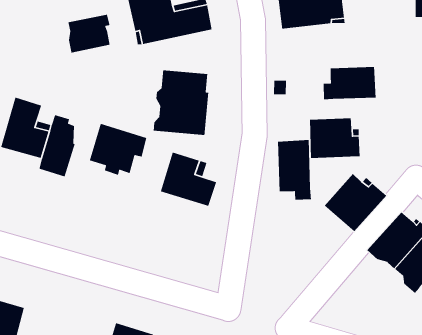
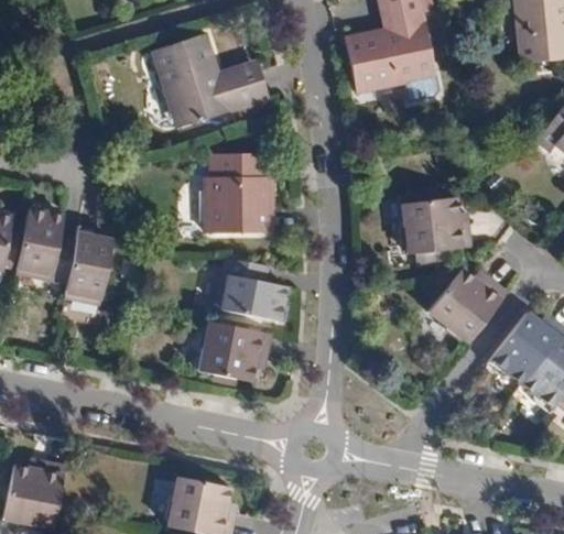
building: [68,14,110,54] -> none
building: [323,66,376,100] -> none
building: [89,123,147,176] -> [198,318,269,382]
building: [277,139,312,200] -> none

